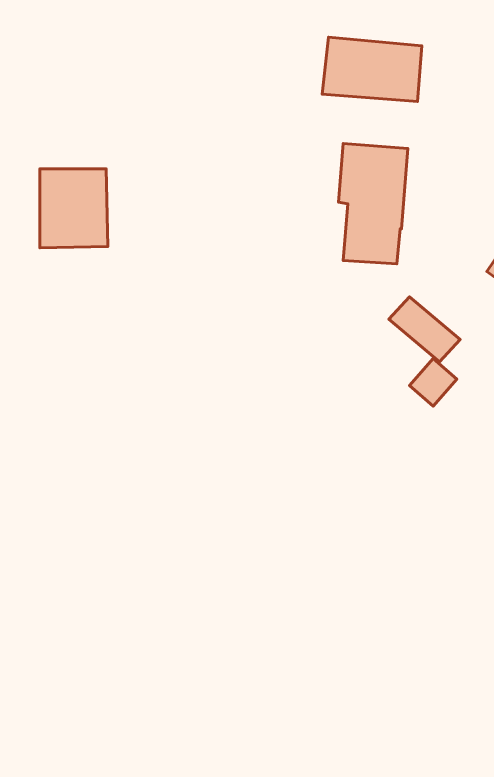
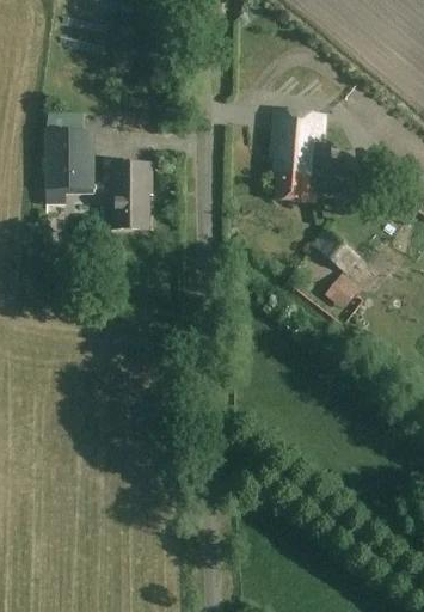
building: [322,37,422,102] -> none
building: none -> [112,164,152,228]

